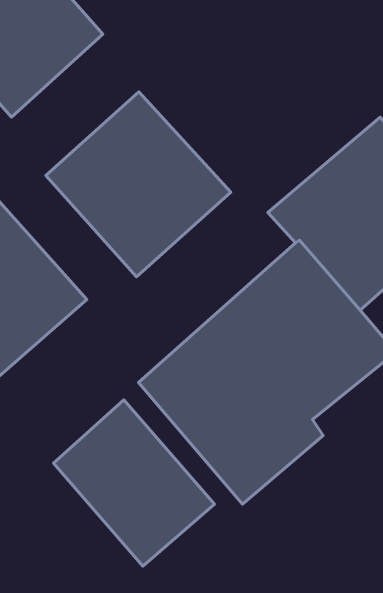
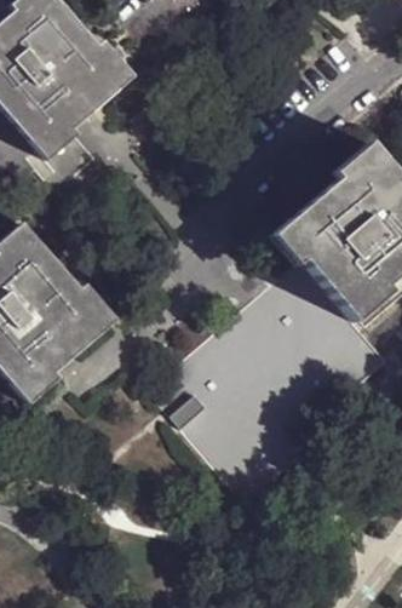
building: [46,92,231,277] -> none
building: [53,400,215,566] -> none

